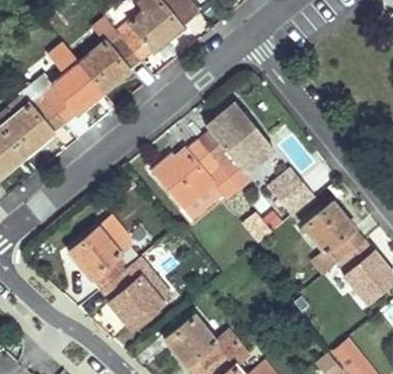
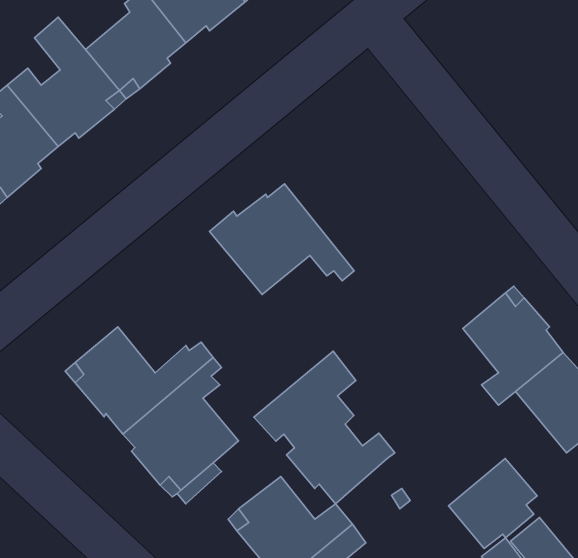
building: [198,102,284,231] -> none
building: [267,165,318,217] -> none
building: none -> [254,351,395,504]
building: none -> [448,459,537,548]

